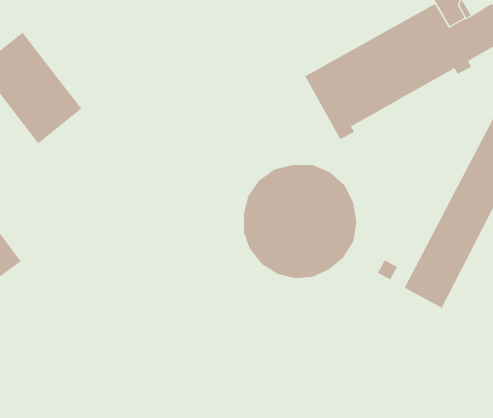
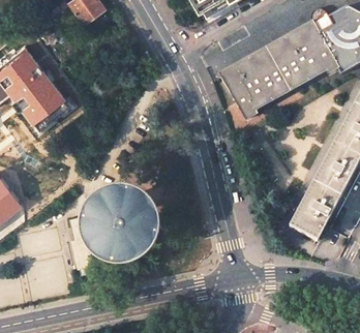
building: [243,165,357,279] -> [79,184,158,264]

